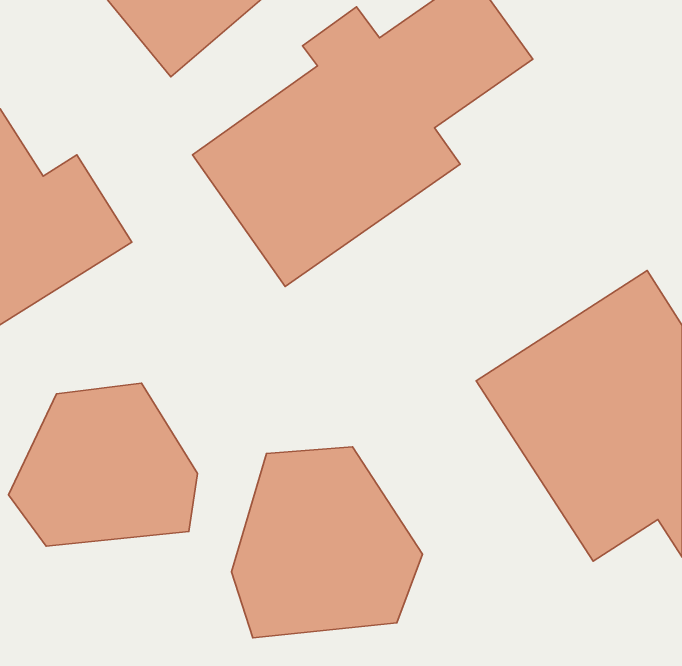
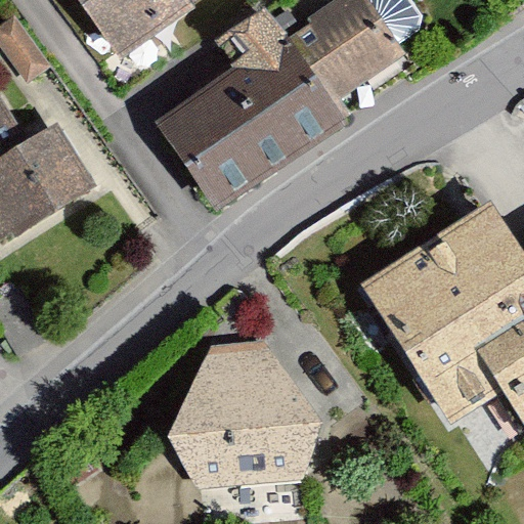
building: [9,383,198,546] -> none

